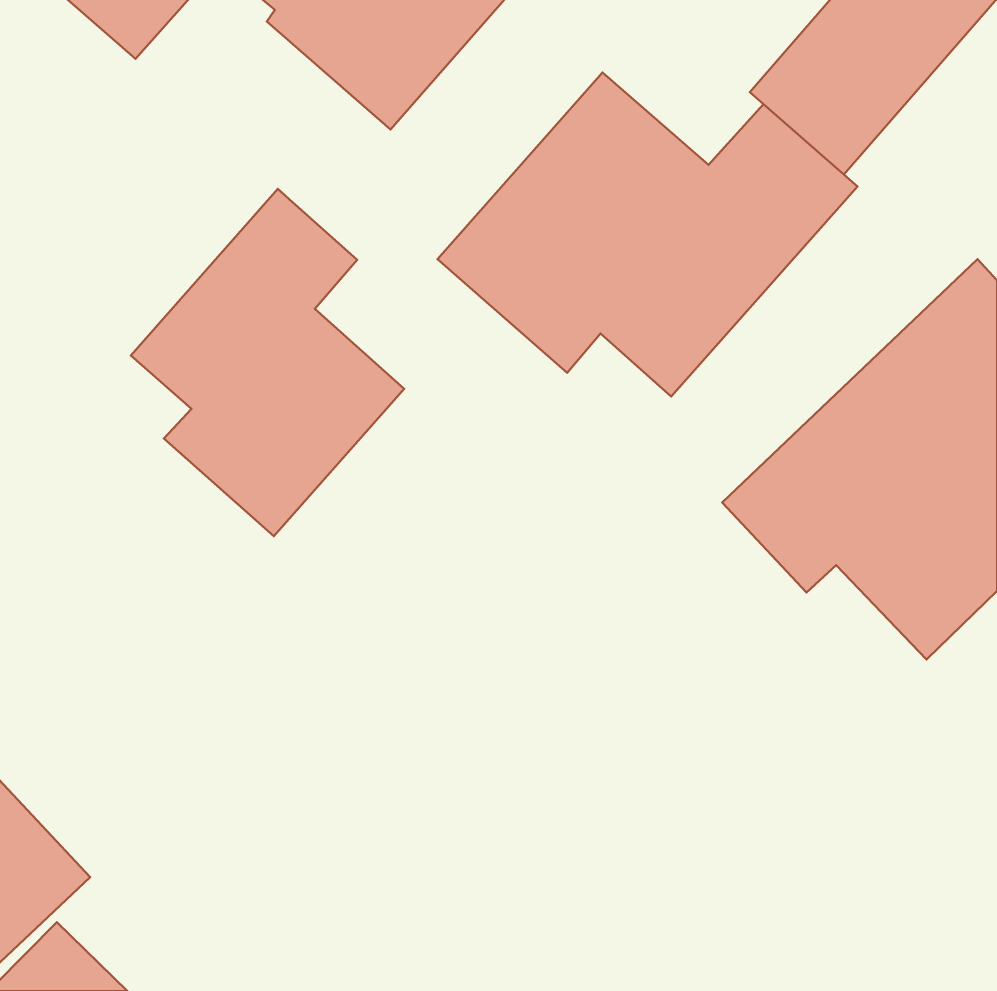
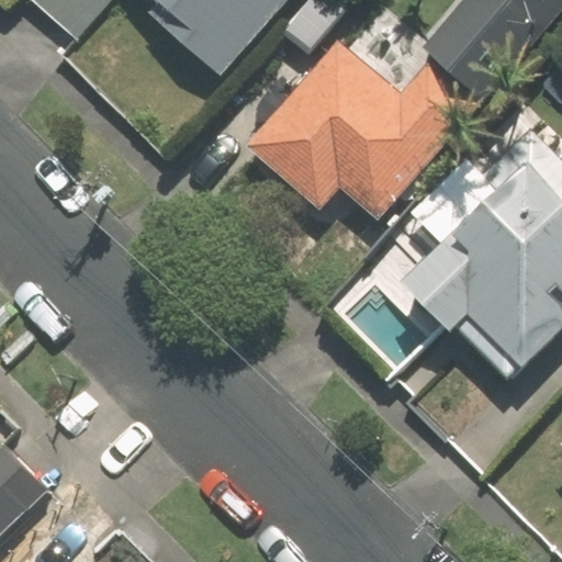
building: [131,189,404,536] -> none

